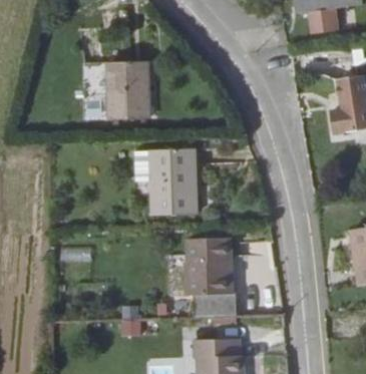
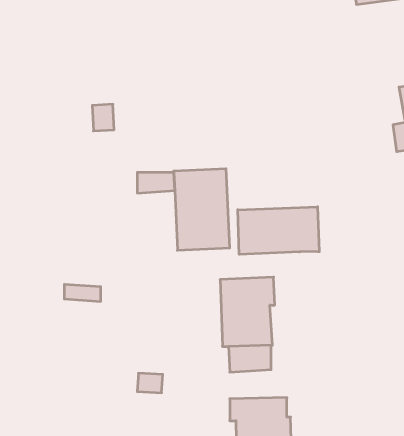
building: [105,61,146,120] -> none
building: none -> [238,207,319,254]

